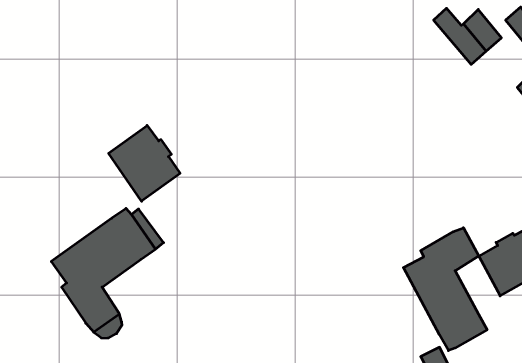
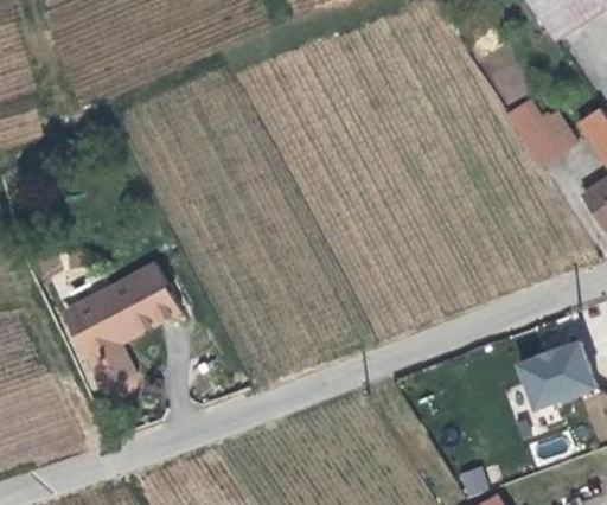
building: [109,125,180,201] -> none
building: [403,228,487,351] -> none

